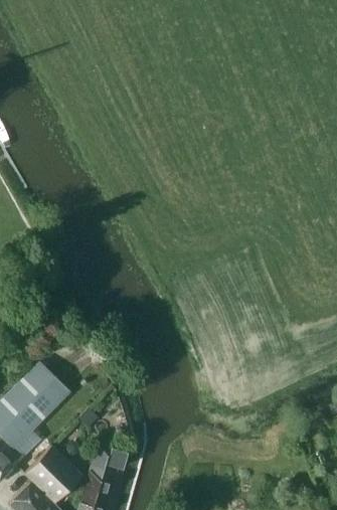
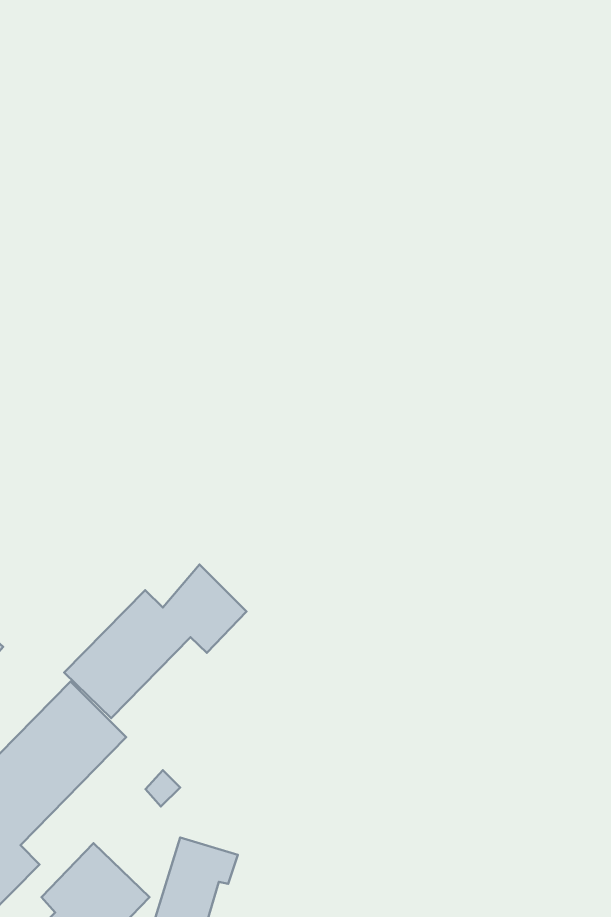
building: none -> [64,565,247,718]

